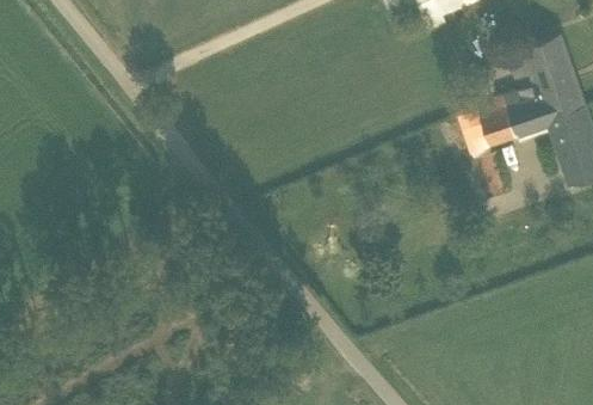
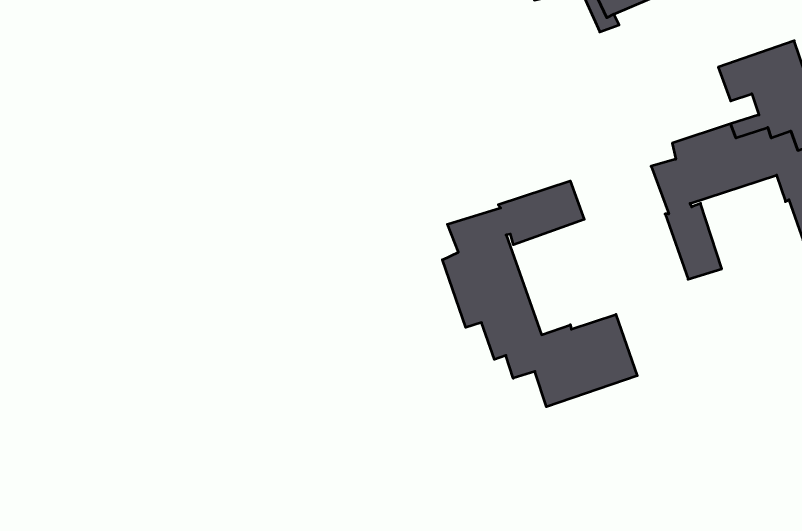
building: none -> [442,181,637,407]

